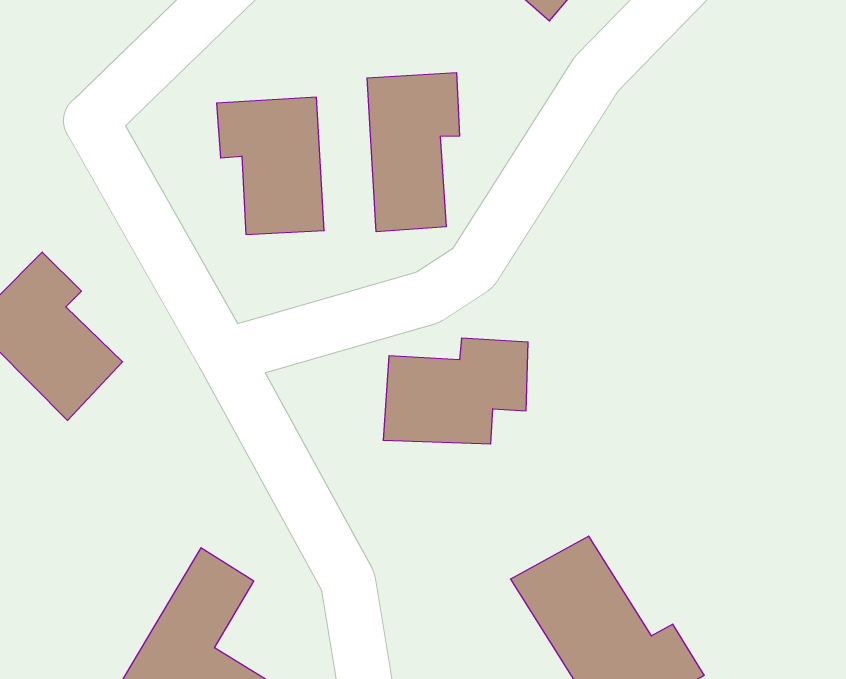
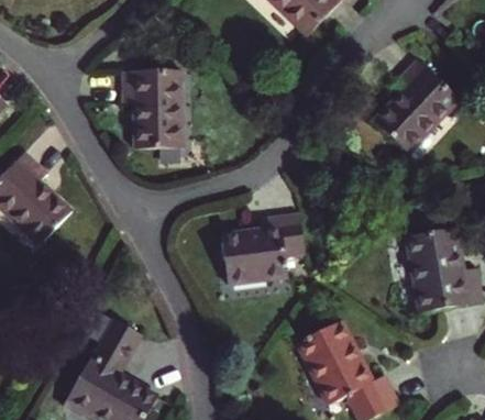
building: none -> [383,55,463,148]
building: [367,73,460,232] -> none
building: none -> [395,234,473,320]

